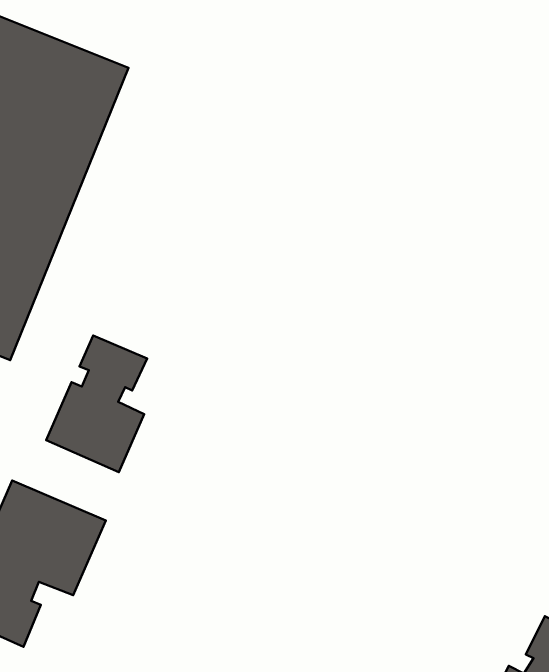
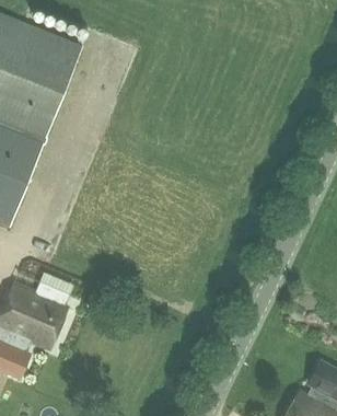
building: [46,335,147,472] -> none

